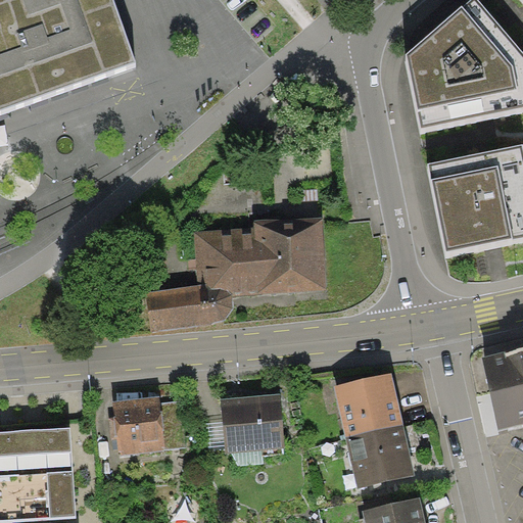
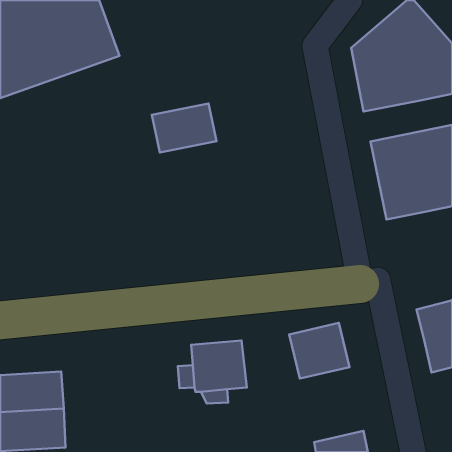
building: none -> [152,103,216,153]
building: [146,218,327,332] -> none
building: [114,397,187,456] -> none
building: [346,424,416,487] -> none

